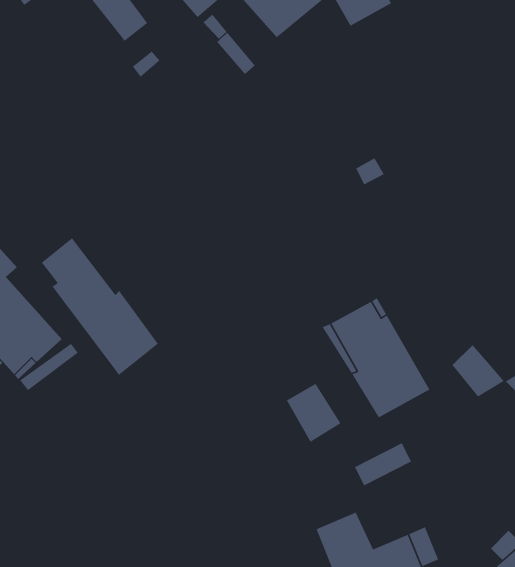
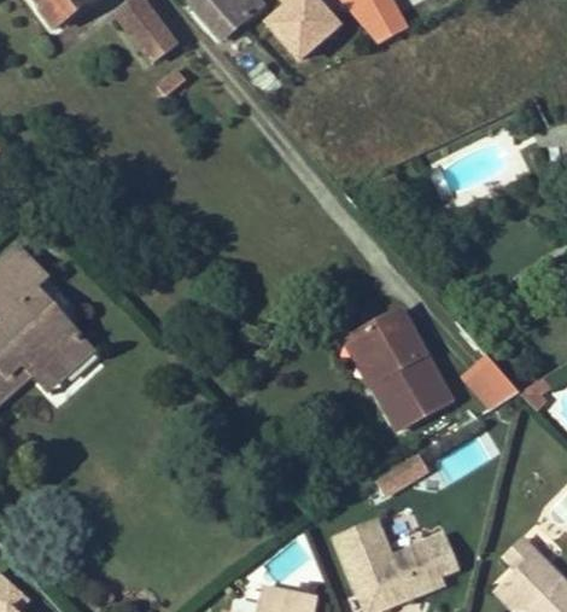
building: [41,237,159,376] -> none
building: [286,383,342,443] -> none

